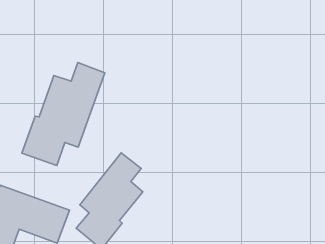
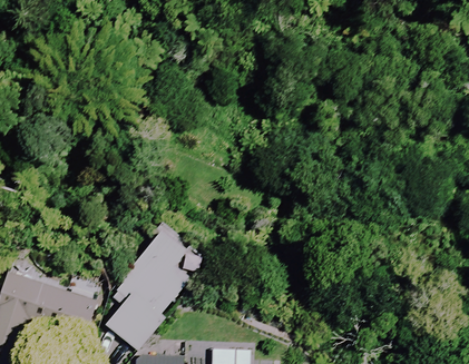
building: [22,63,105,165] -> none

